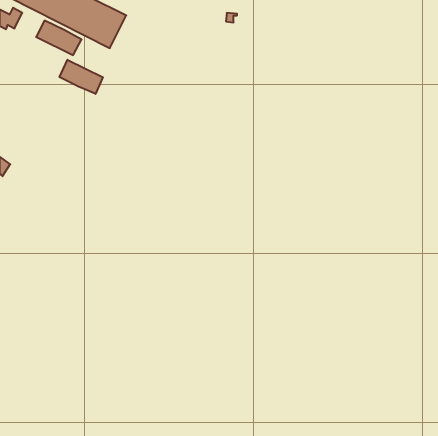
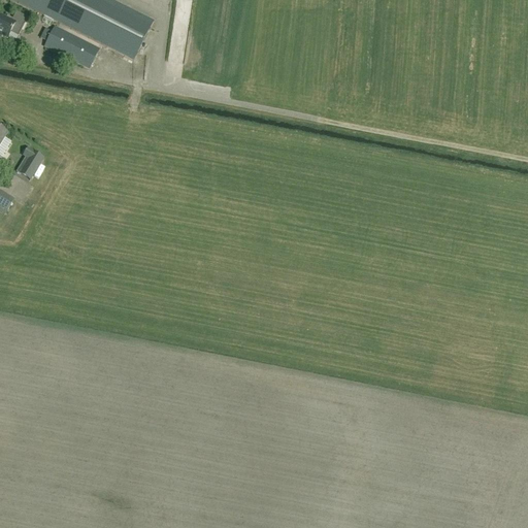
building: [60,60,103,94] -> none
building: none -> [15,145,42,177]

